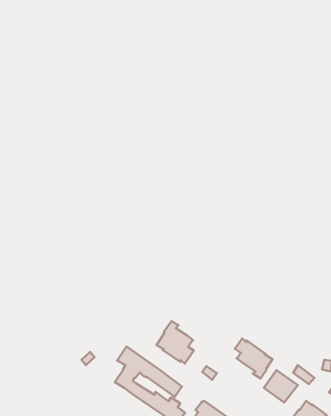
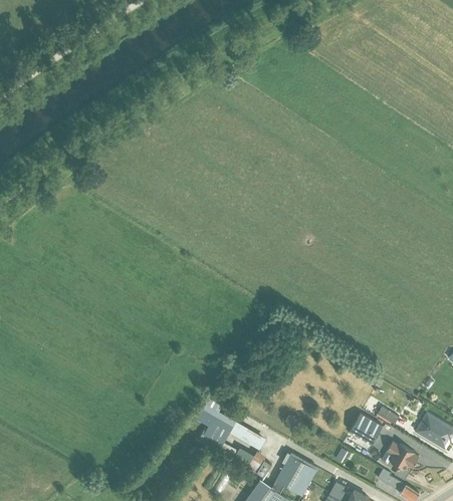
building: [156,321,194,363] -> none
building: [235,339,272,378] -> none

